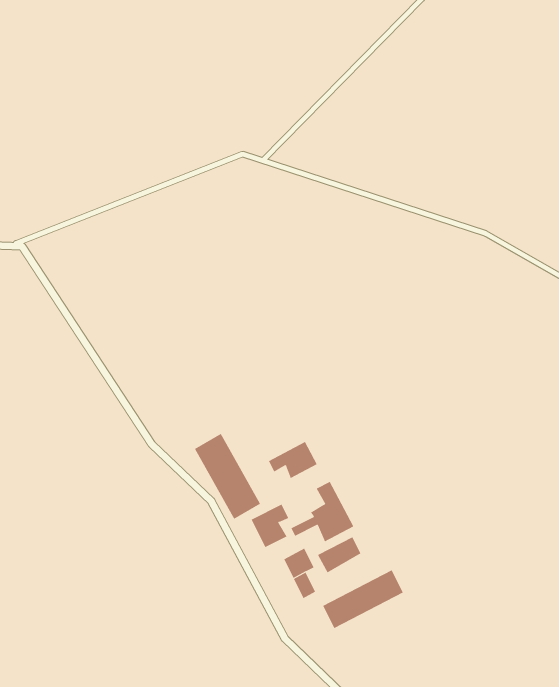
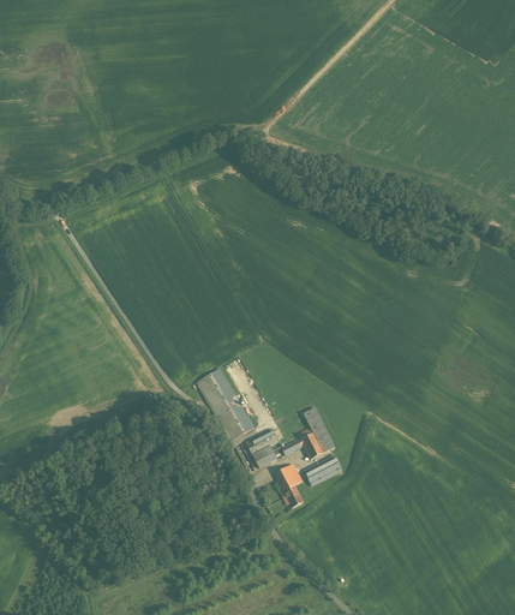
building: [268,441,318,479] -> none
building: [323,569,403,629] -> none

